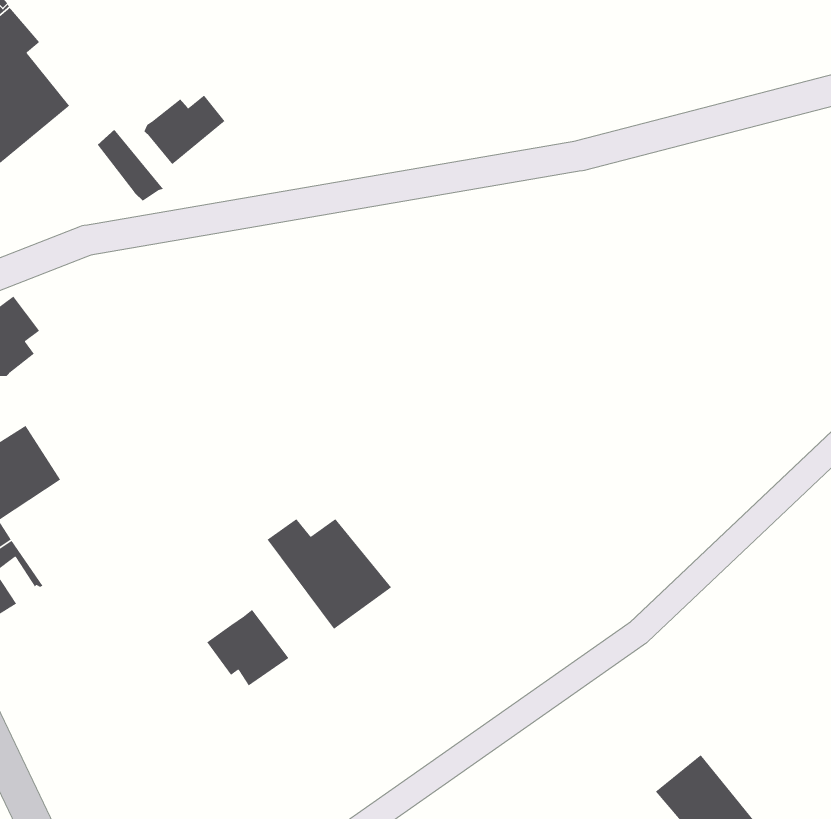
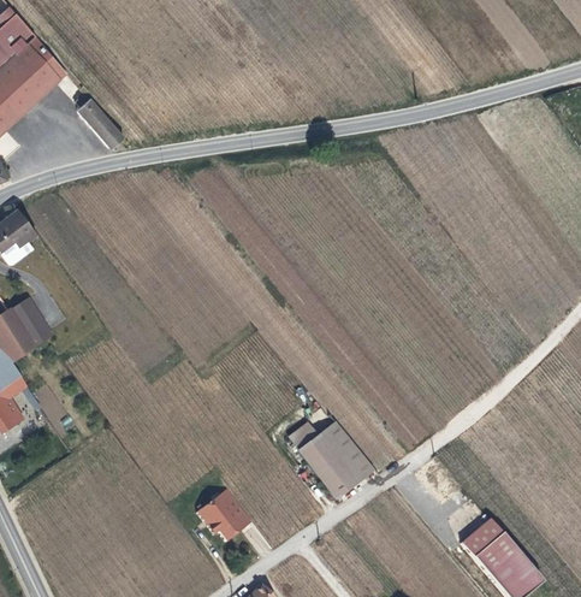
building: [144,94,226,165] -> none
building: [266,518,392,630] -> [286,425,372,501]
building: [206,609,289,687] -> [194,490,250,543]

